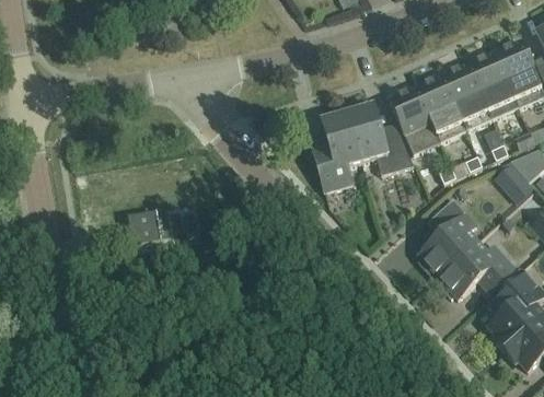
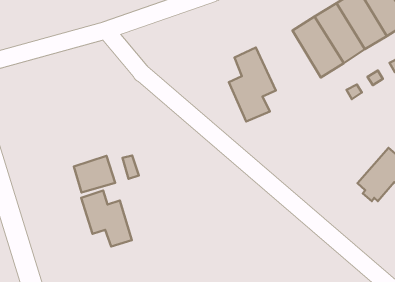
building: [347,104,414,175] -> none
building: [418,198,477,276] -> none
building: none -> [81,191,132,246]

